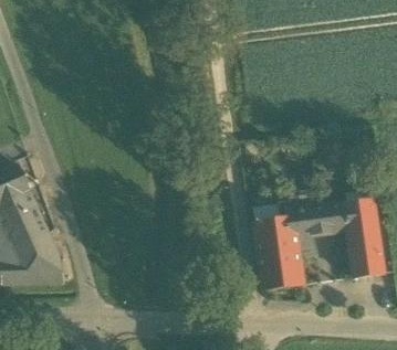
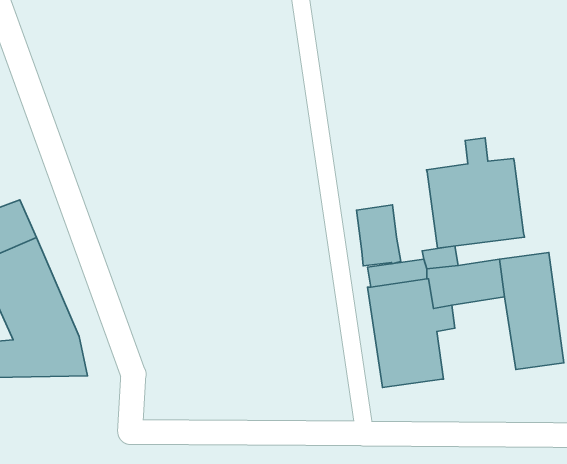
building: none -> [427,138,525,248]
building: none -> [357,205,401,266]

